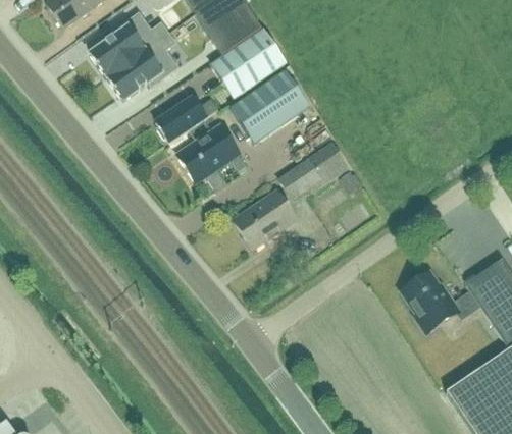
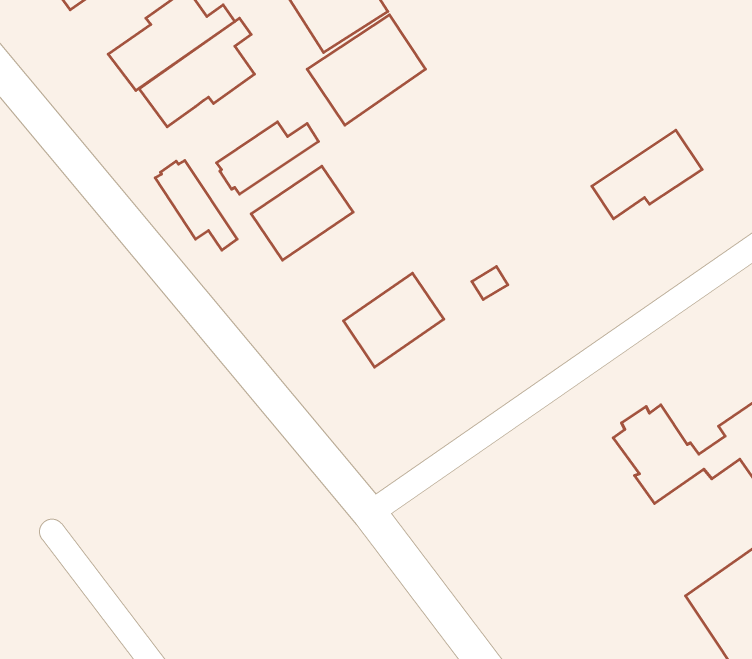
building: [233,70,310,143] -> none
building: none -> [155,160,237,250]
building: [280,143,349,198] -> [592,130,702,219]

